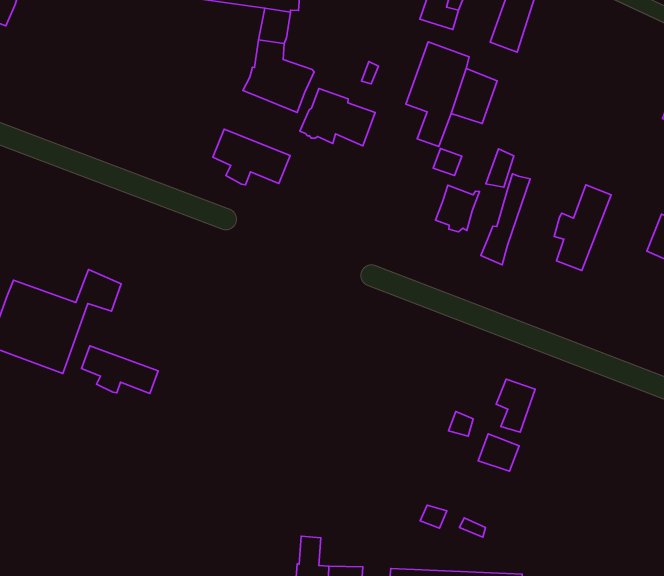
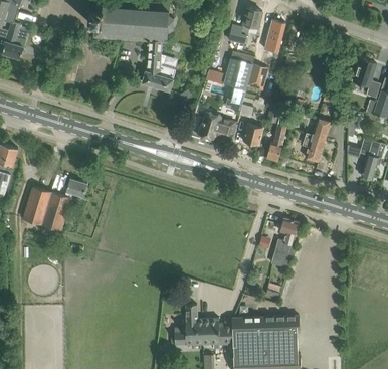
building: [300,89,375,146] -> [197,112,234,139]
building: [213,129,290,185] -> none
building: [82,346,158,394] -> none

